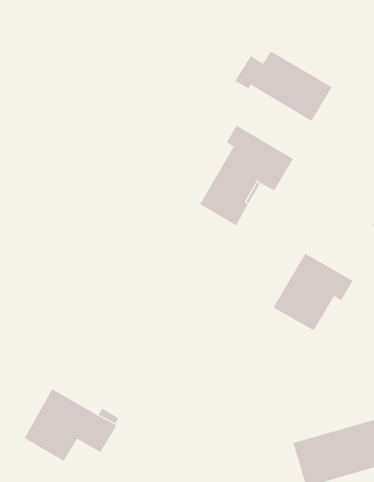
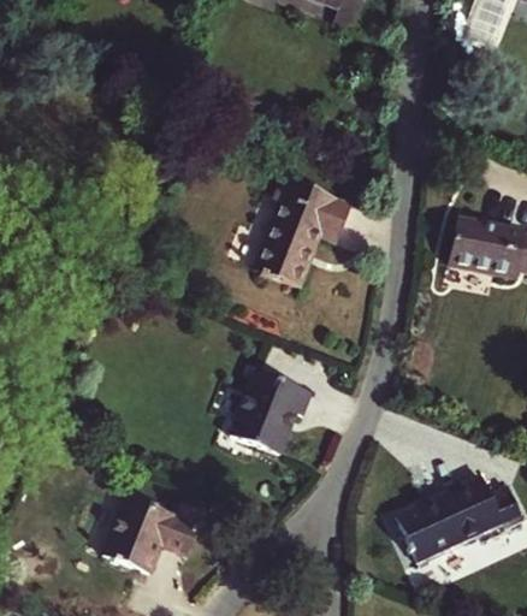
building: [235,51,332,122] -> none
building: [272,253,353,331] -> [230,368,314,452]

